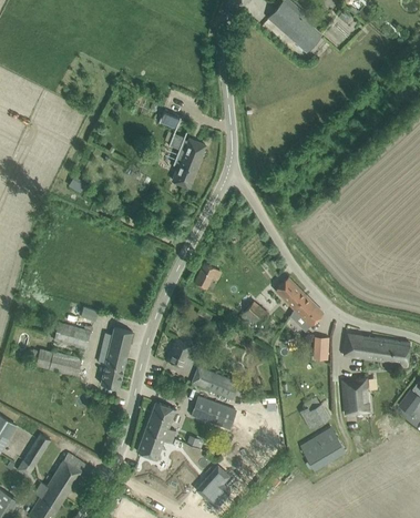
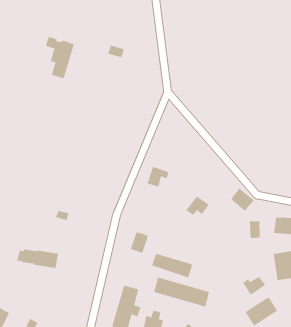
building: [168,132,205,187] -> [45,34,75,80]
building: [275,277,306,309] -> none
building: [53,323,91,349] -> none
building: [101,327,133,388] -> none

